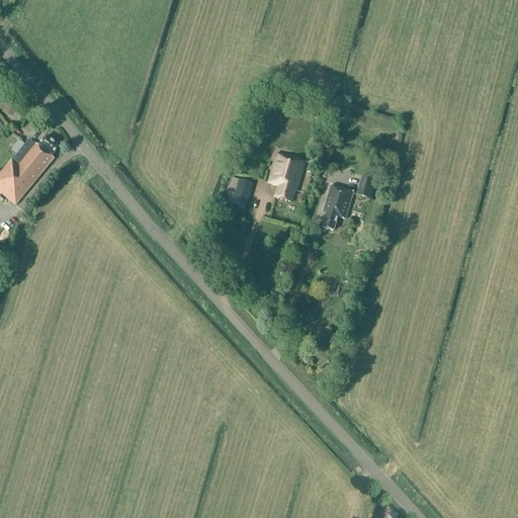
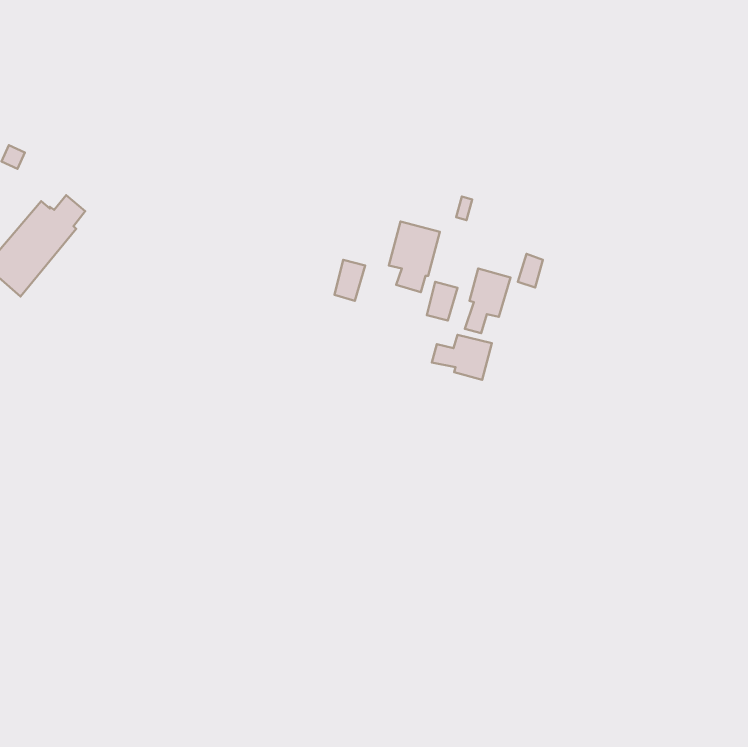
building: none -> [427,282,457,321]
building: none -> [432,335,492,380]

